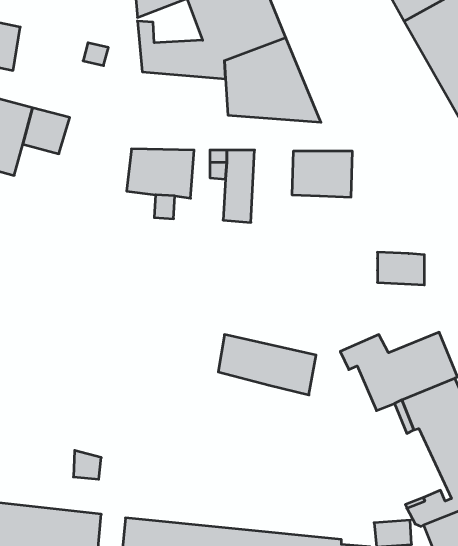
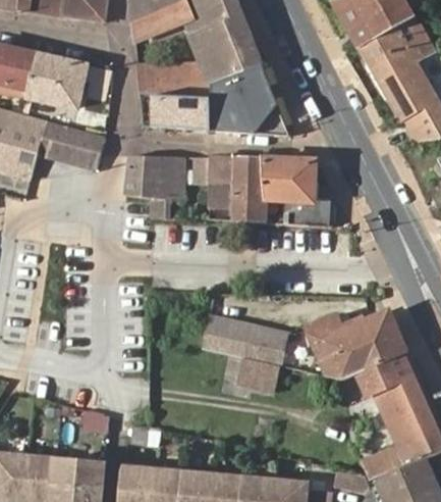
building: none -> [27,54,86,107]
building: none -> [139,92,211,129]
building: none -> [68,131,104,168]
building: none -> [230,158,266,221]
building: [377,252,424,285] -> [288,197,328,224]
building: none -> [239,357,279,393]

